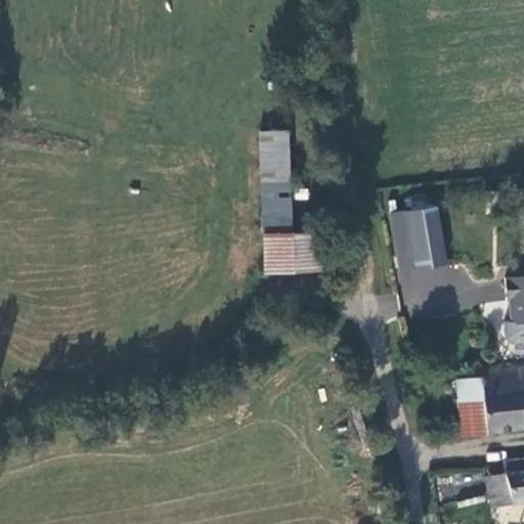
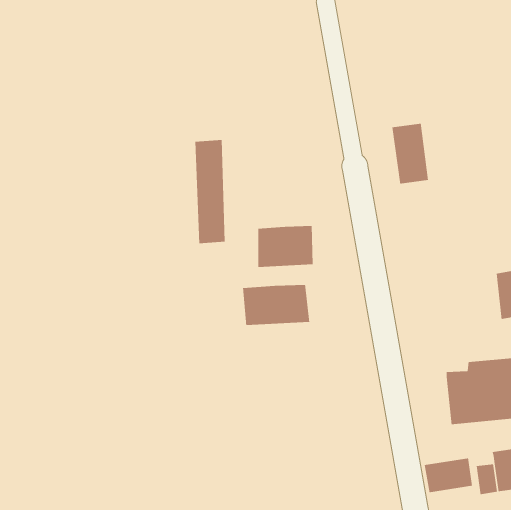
building: [260,129,292,235] -> [194,139,226,244]
building: [404,210,442,272] -> [392,123,429,184]
building: none -> [242,284,310,326]

